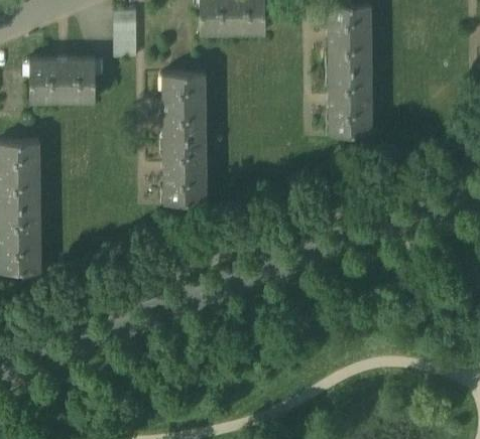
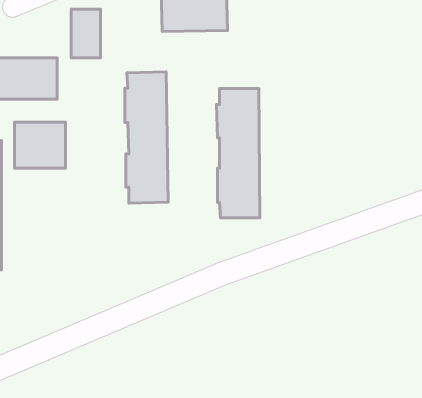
building: [328,6,371,135] -> [216,88,260,218]
building: none -> [14,122,66,168]

